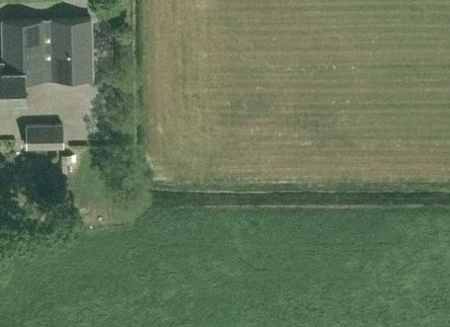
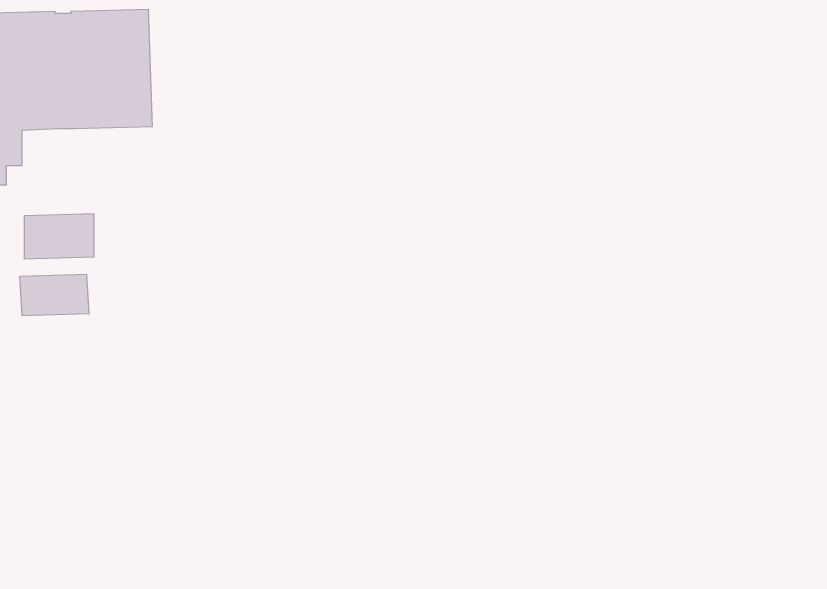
building: none -> [20,274,89,316]

